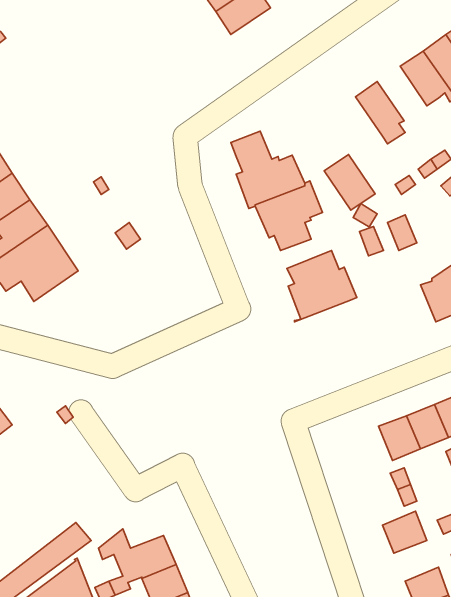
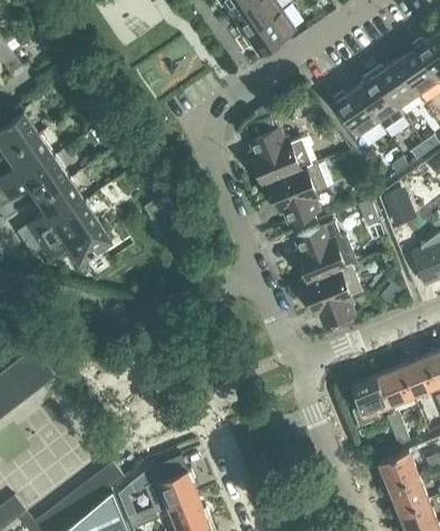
building: none -> [246,10,294,53]
building: none -> [374,61,418,109]
building: [324,154,375,210] -> [334,88,379,137]
building: none -> [302,266,362,325]
building: none -> [351,376,388,429]
building: none -> [389,476,428,512]

